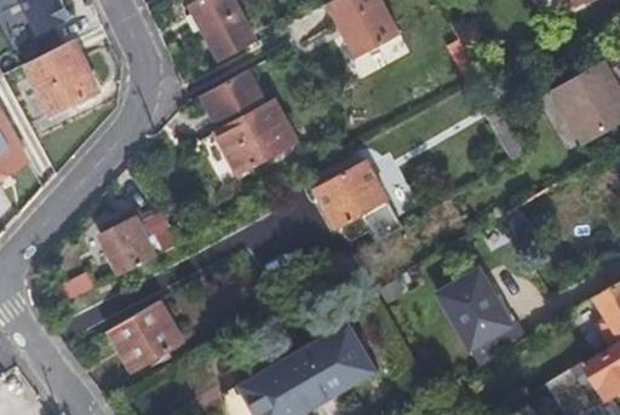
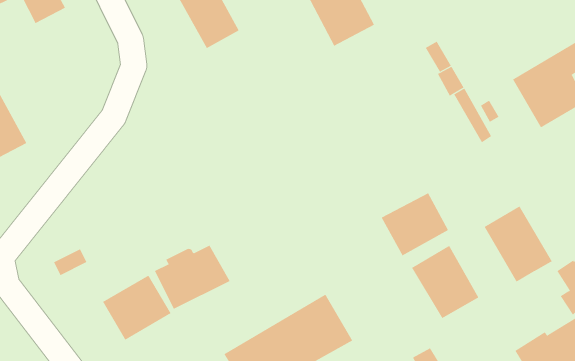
building: [24,40,99,116] -> none
building: [201,70,297,174] -> none
building: [315,161,388,229] -> [381,193,449,256]
building: [99,207,180,276] -> [154,245,230,309]
building: none -> [484,206,552,282]

